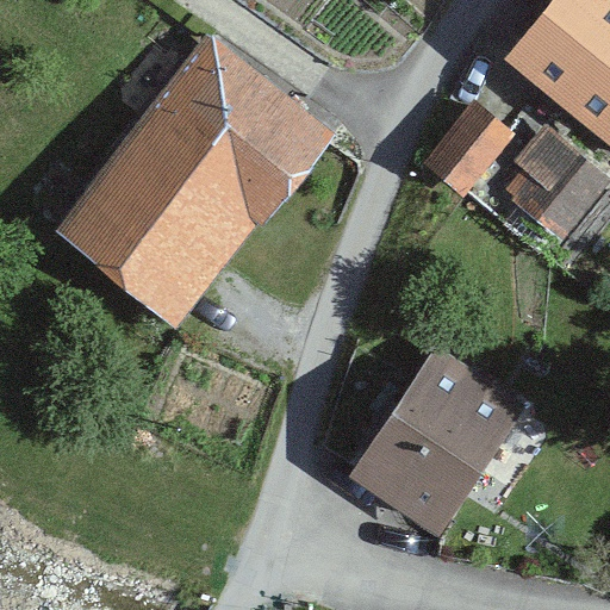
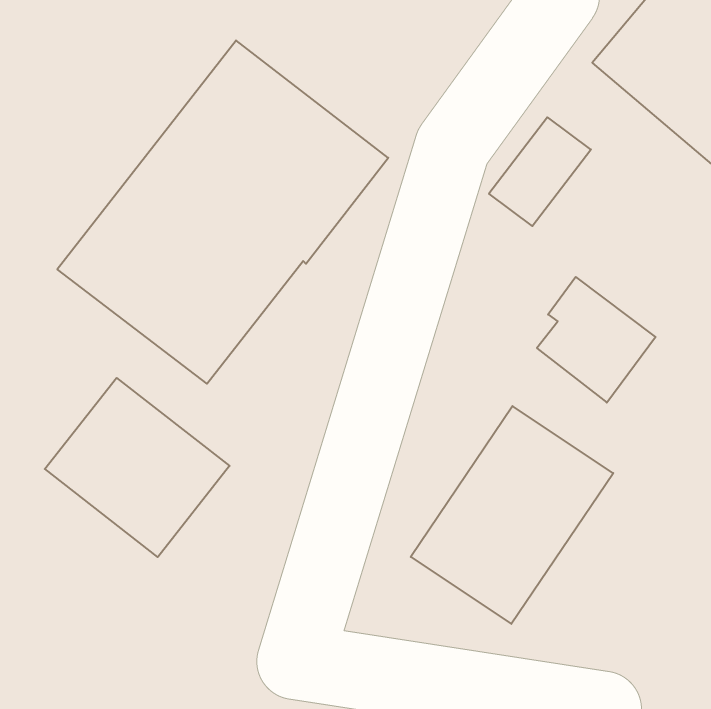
building: [503,131,604,238] -> [537,277,656,403]
building: none -> [45,378,230,557]

